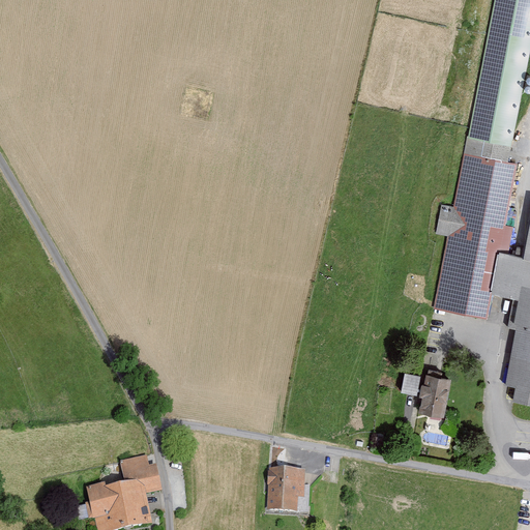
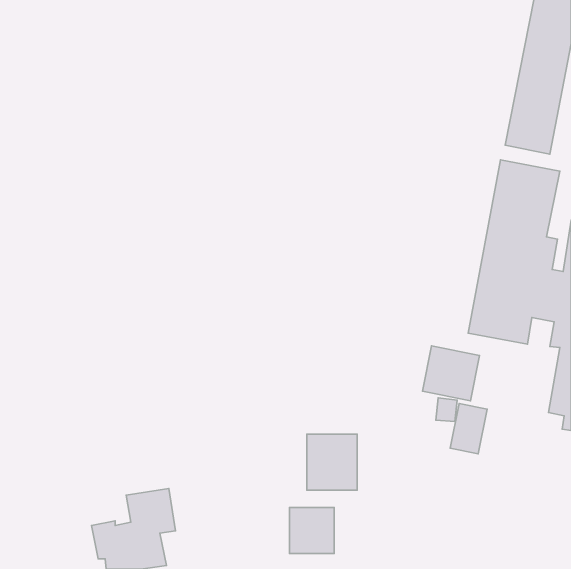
building: none -> [422,346,480,401]
building: none -> [307,434,357,490]

